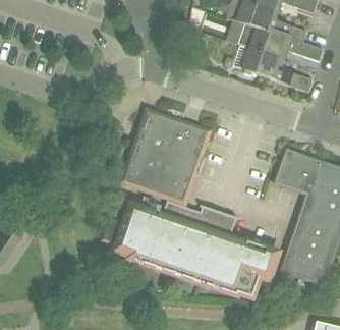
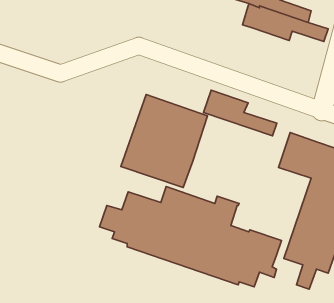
building: [242,46,313,90] -> [204,90,277,136]

